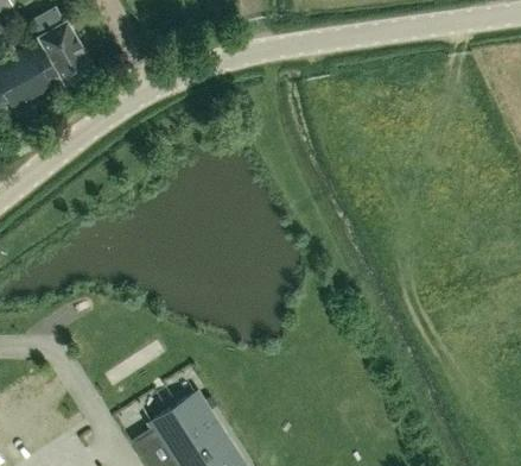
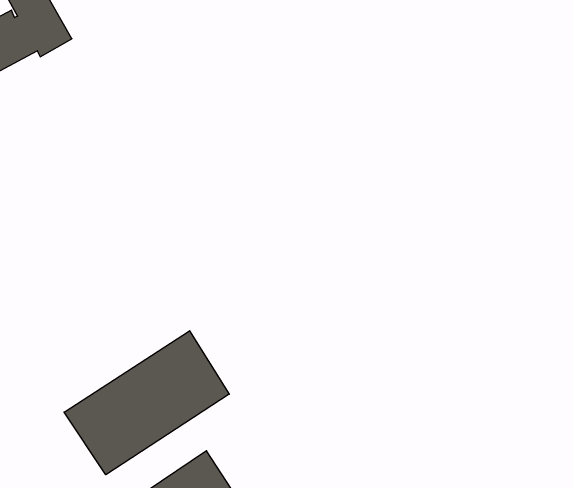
building: none -> [64,331,229,475]

